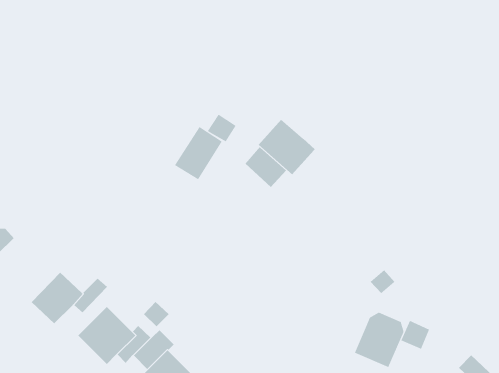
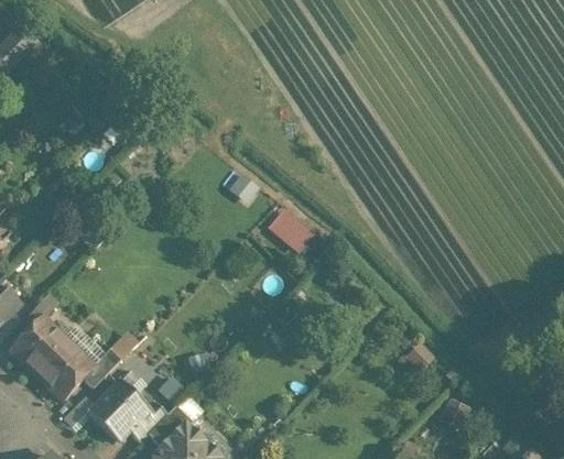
building: [258,119,315,175] -> none
building: [174,126,222,180] -> none
building: none -> [11,318,68,375]
building: [354,312,404,368] -> none

